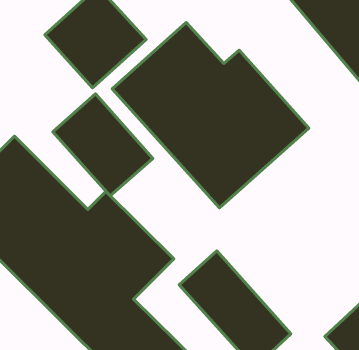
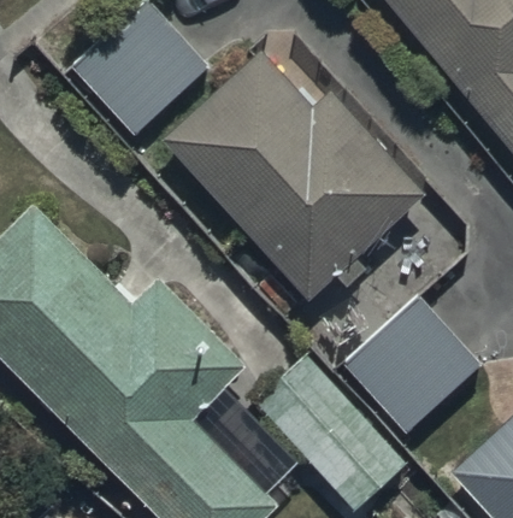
building: [53,94,153,196] -> none
building: none -> [344,299,478,431]

